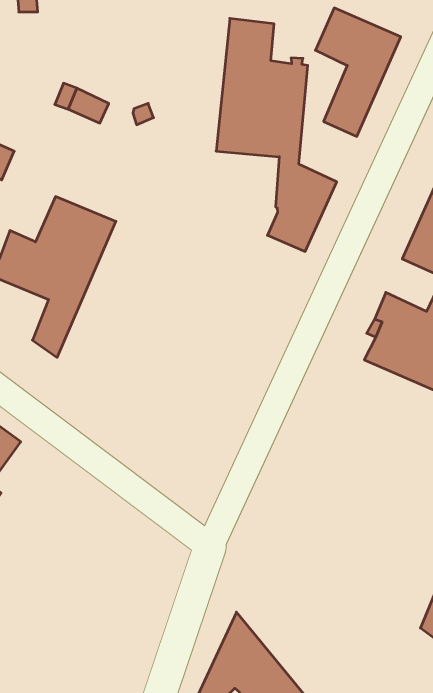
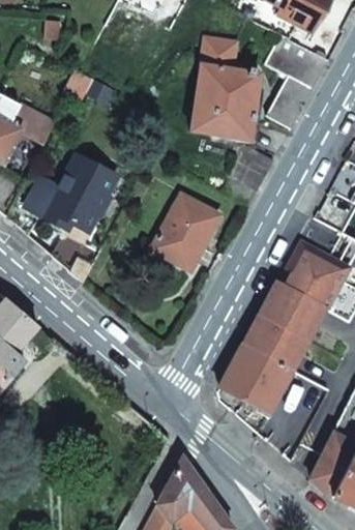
building: none -> [153,196,221,270]
building: none -> [219,282,325,413]

